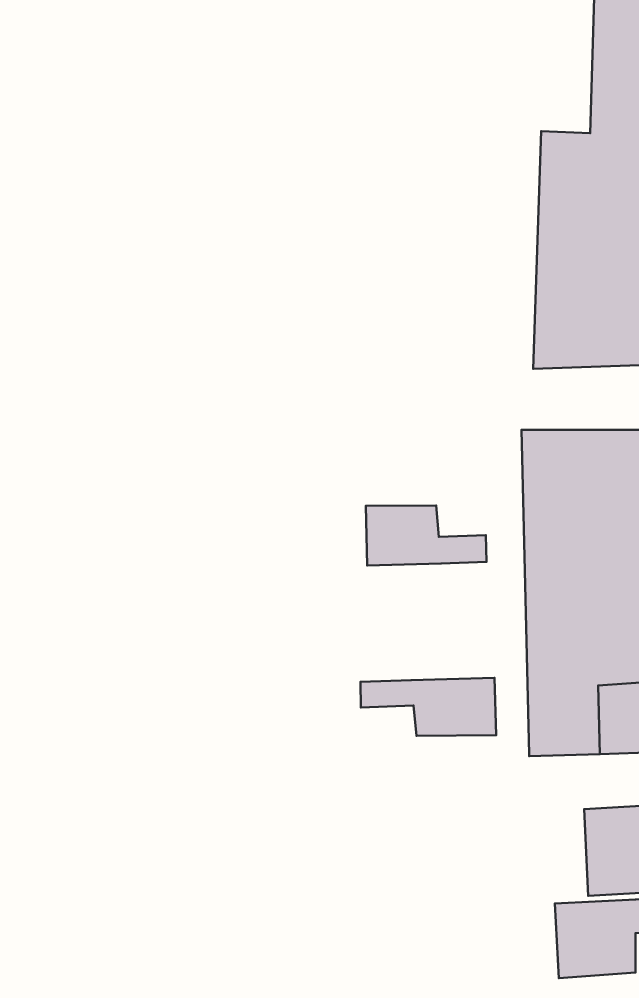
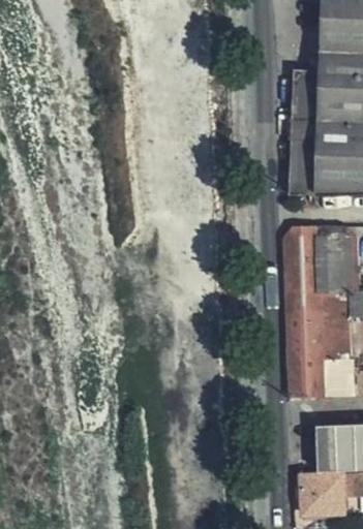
building: [366,506,486,565] -> none
building: [360,678,496,736] -> none

